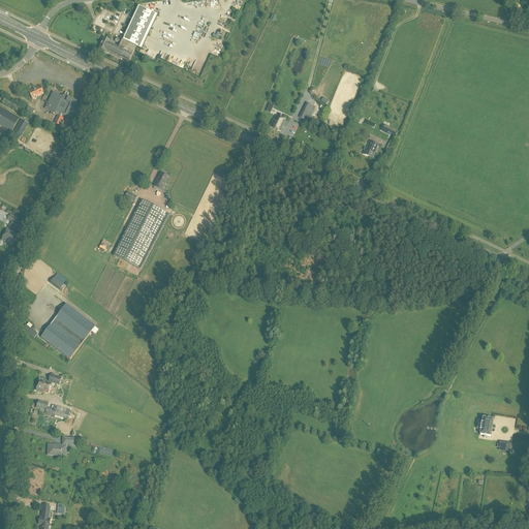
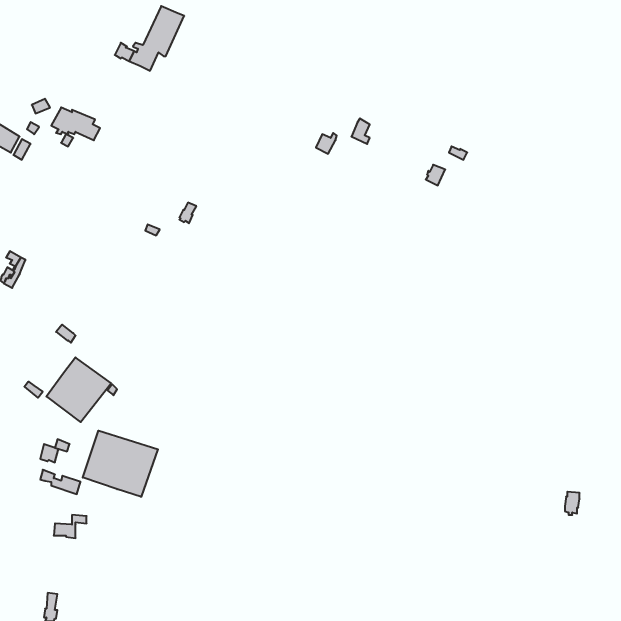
building: [112,197,167,268] -> none
building: none -> [83,431,158,497]

